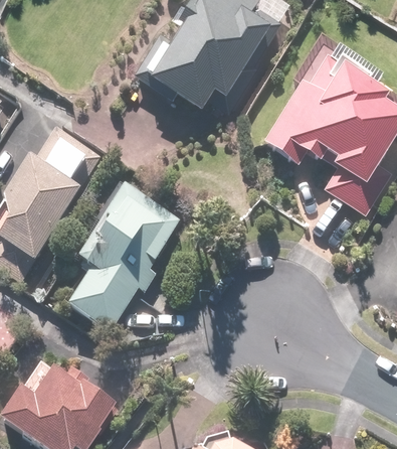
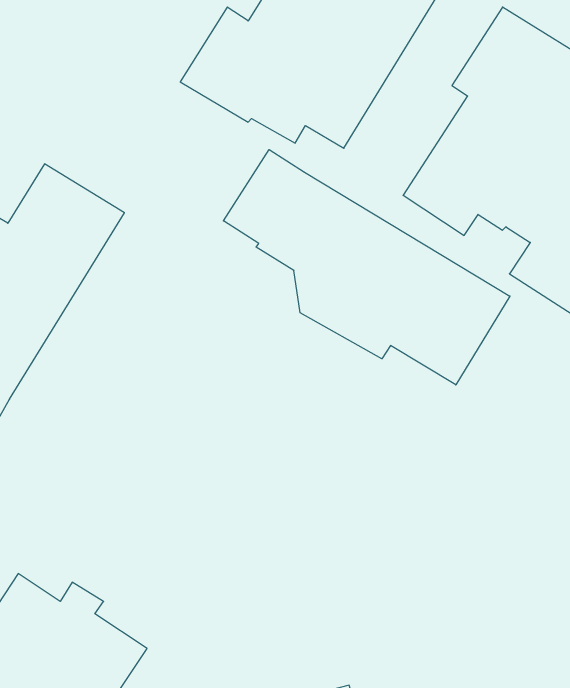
building: none -> [223,150,510,385]
building: [65,185,178,332] -> none

